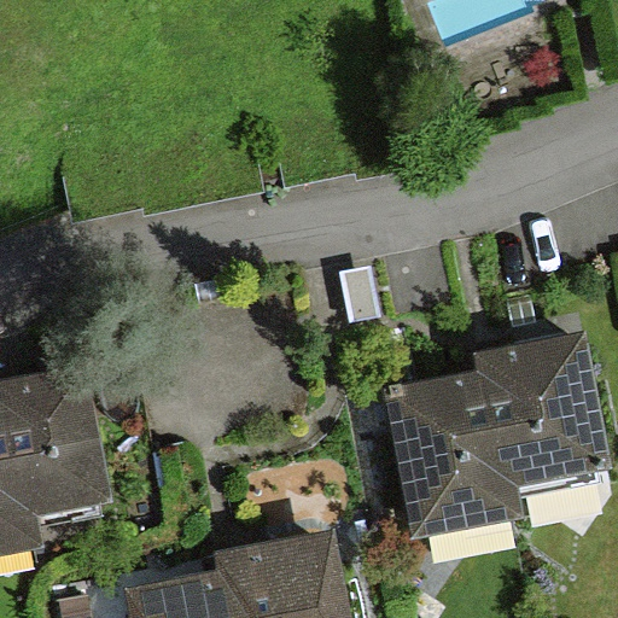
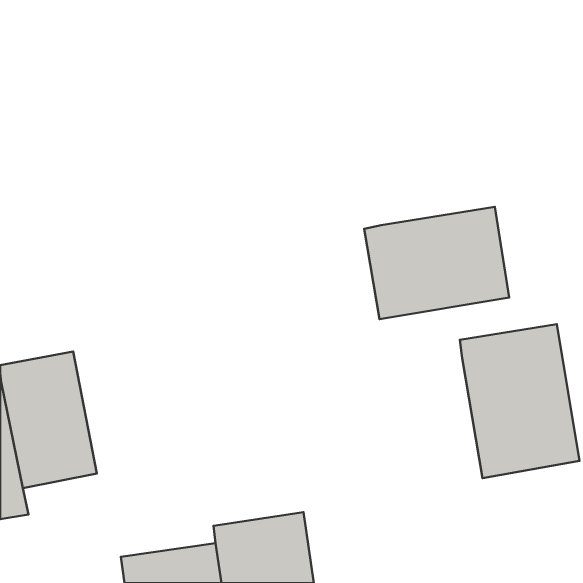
building: none -> [364,207,509,319]
building: [386,379,514,547] -> none

